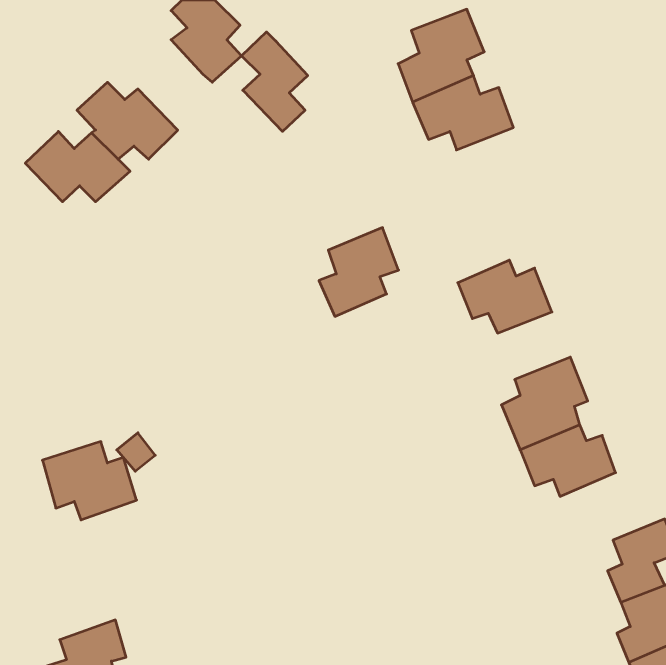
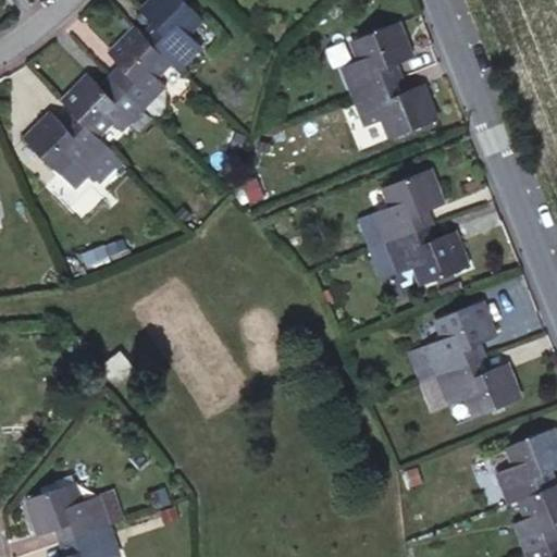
building: [241,32,308,131] -> [122,36,176,117]
building: [319,228,399,316] -> [372,170,437,243]
building: [42,442,137,520] -> [27,471,104,535]

